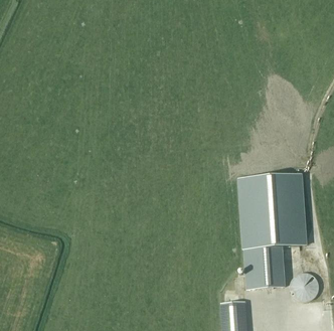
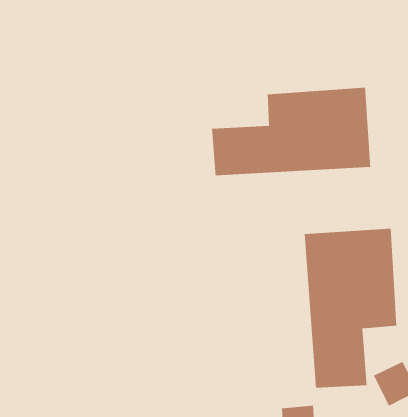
building: none -> [211,87,371,176]

